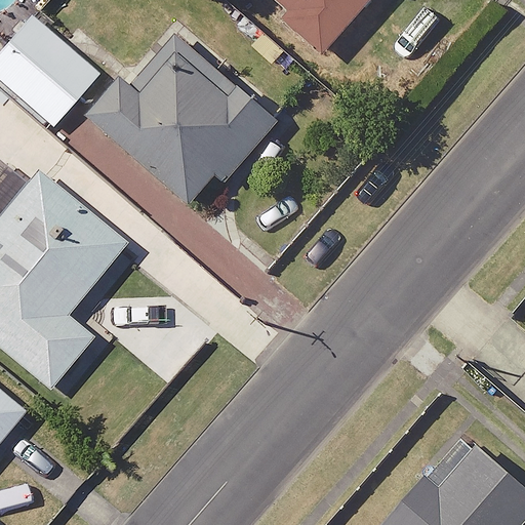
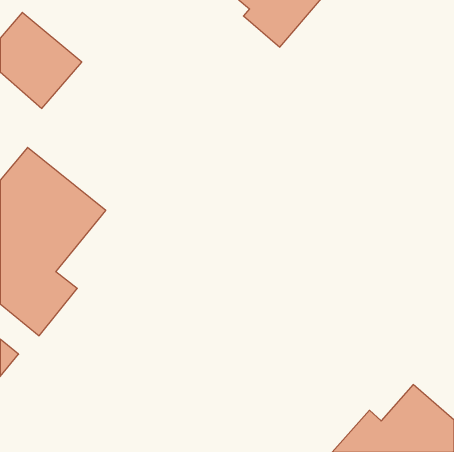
building: [83,32,279,205] -> none

